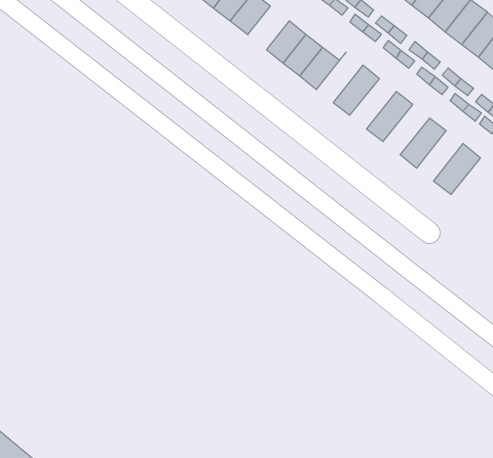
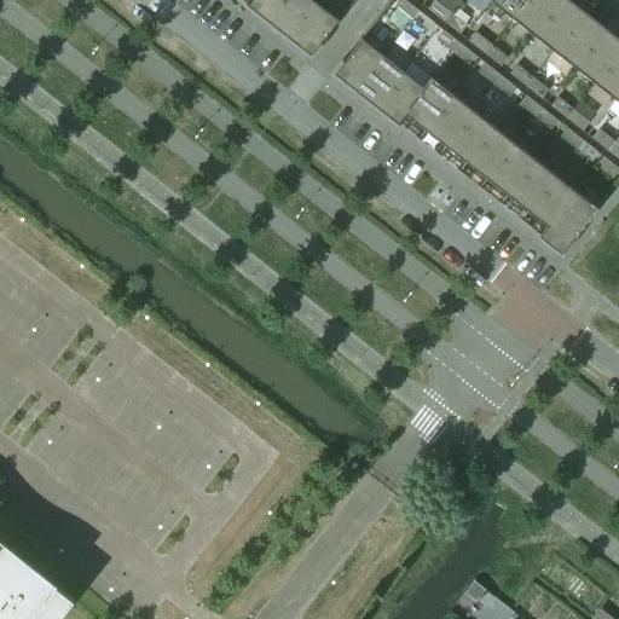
building: none -> [397,76,453,138]
building: none -> [438,109,494,170]
building: none -> [479,140,536,202]
building: none -> [520,173,577,235]

